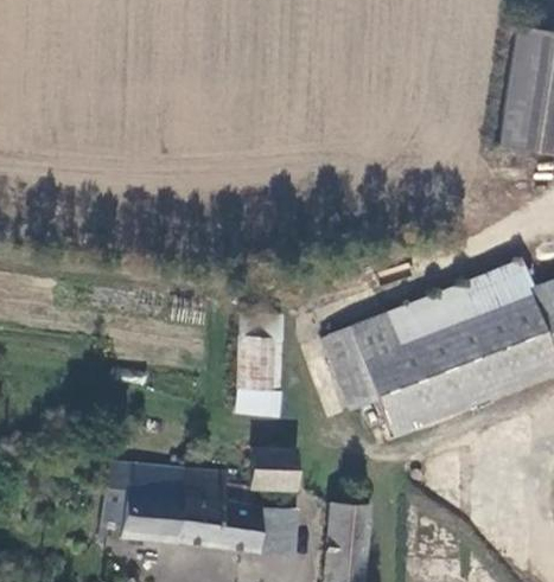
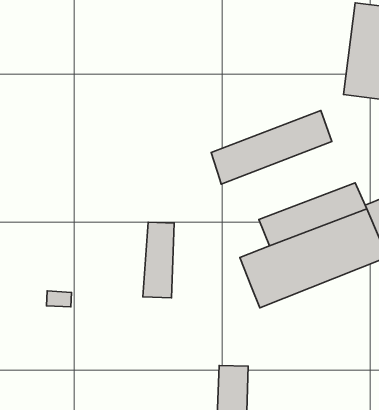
building: none -> [211,110,332,184]
building: [325,312,402,410] -> none
building: [112,448,298,556] -> none

